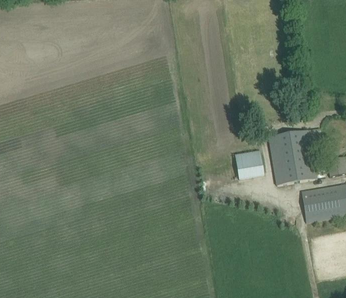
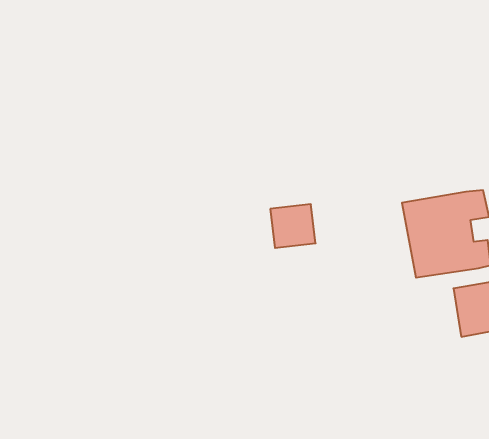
building: [239,152,268,180] -> [270,204,316,248]

